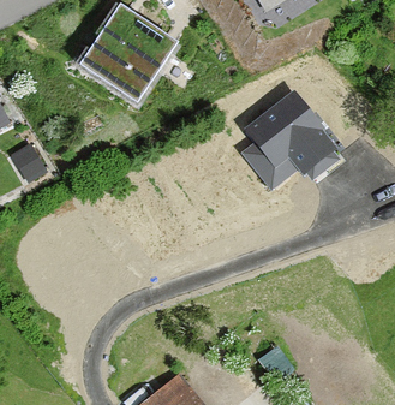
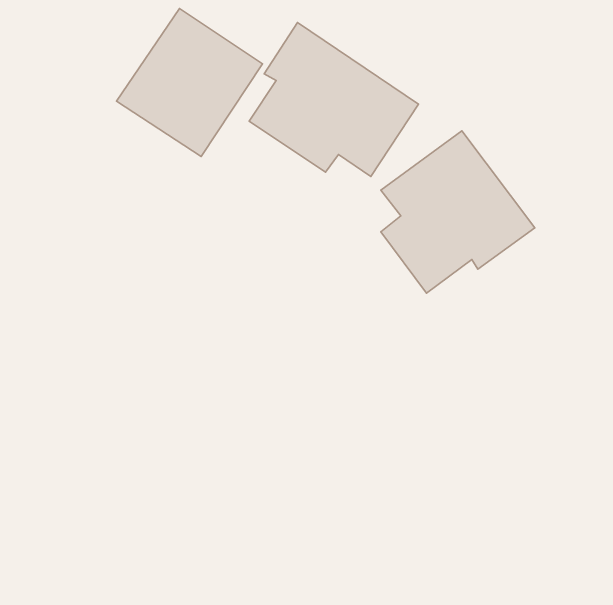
building: none -> [249,22,419,177]

